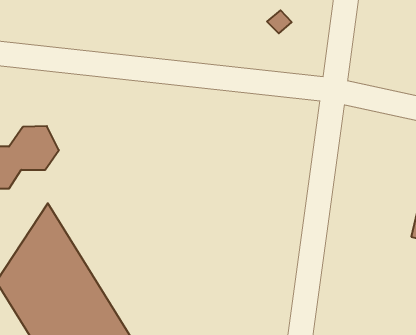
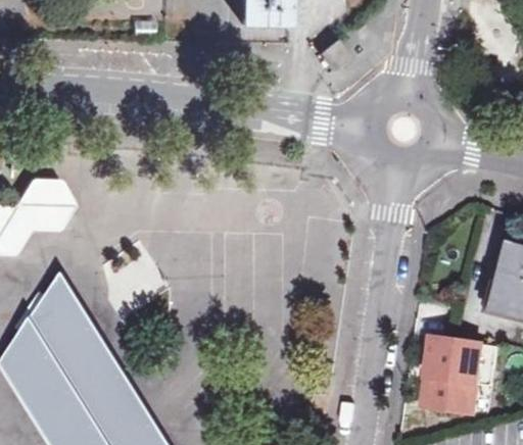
building: none -> [420,339,474,413]

